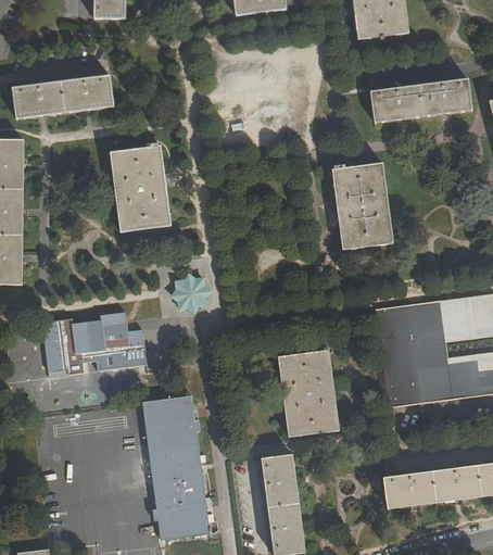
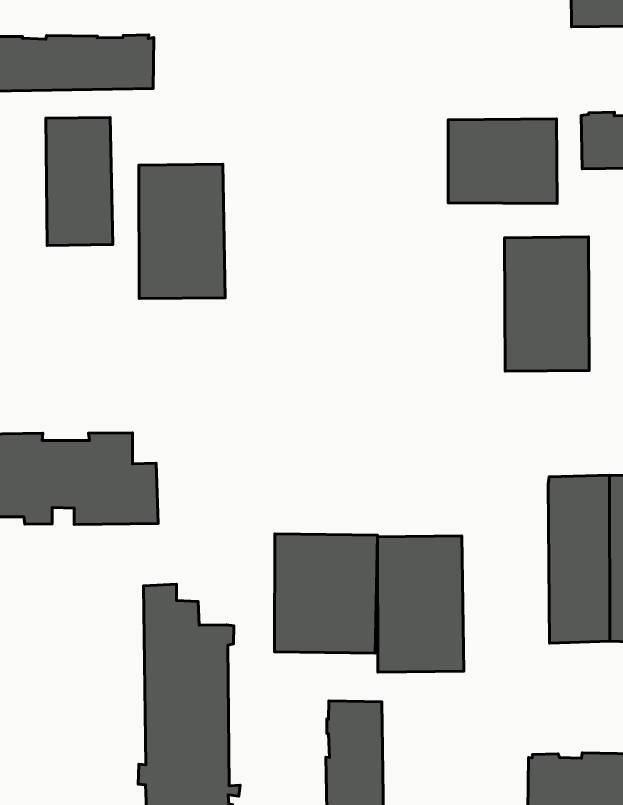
building: none -> [448,119,557,204]
building: none -> [46,118,113,245]
building: [175,277,205,307] -> none
building: none -> [274,534,378,653]
building: [162,395,194,421] -> none

